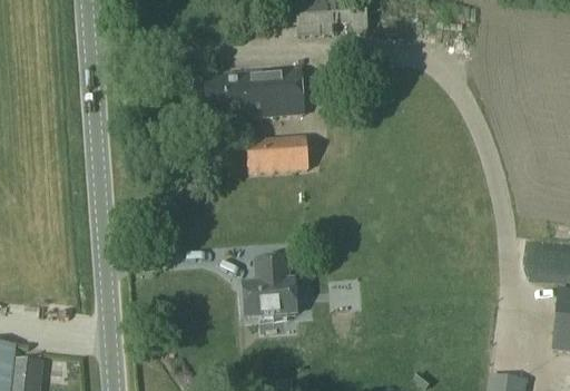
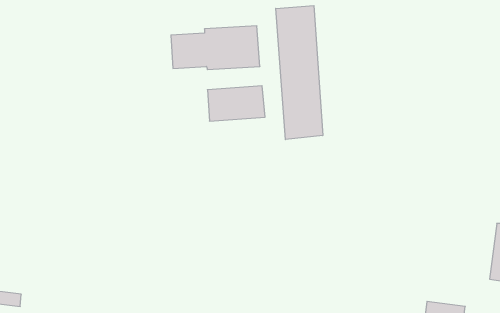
building: none -> [276,6,323,140]
building: [242,257,295,316] -> none

